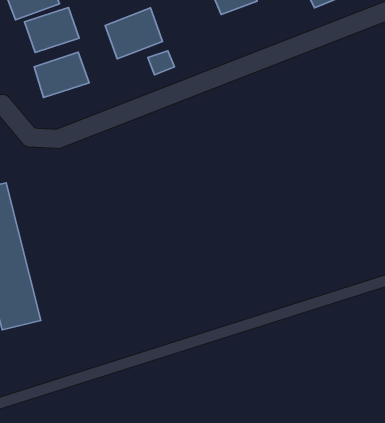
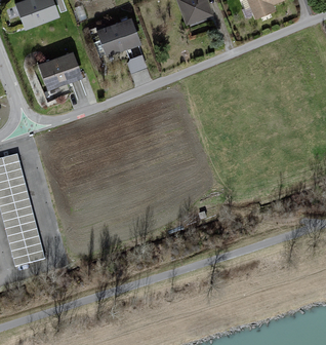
building: [24,8,79,52] -> none

